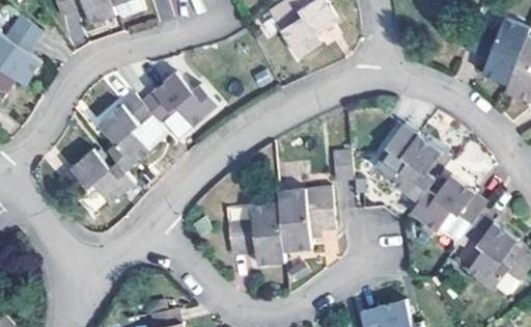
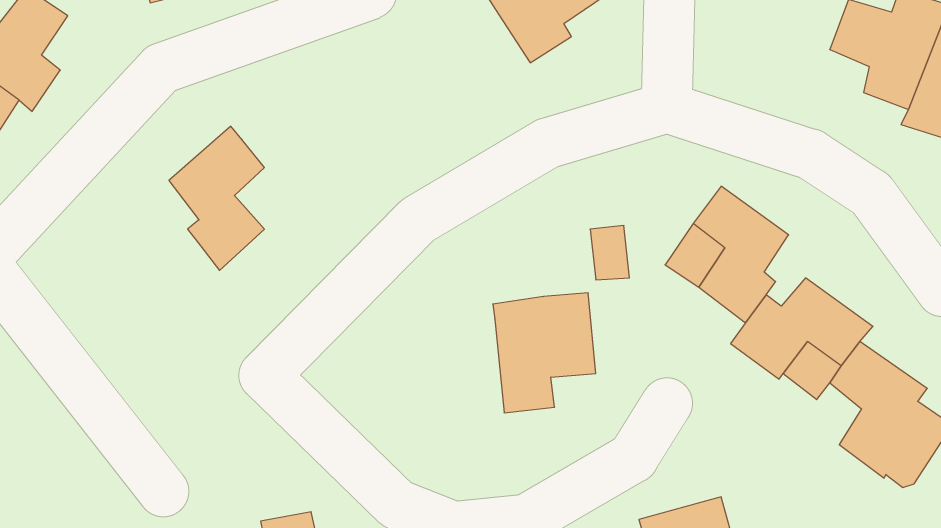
building: [139,72,217,126] -> none
building: [56,148,135,203] -> none
building: [225,199,285,265] -> none

